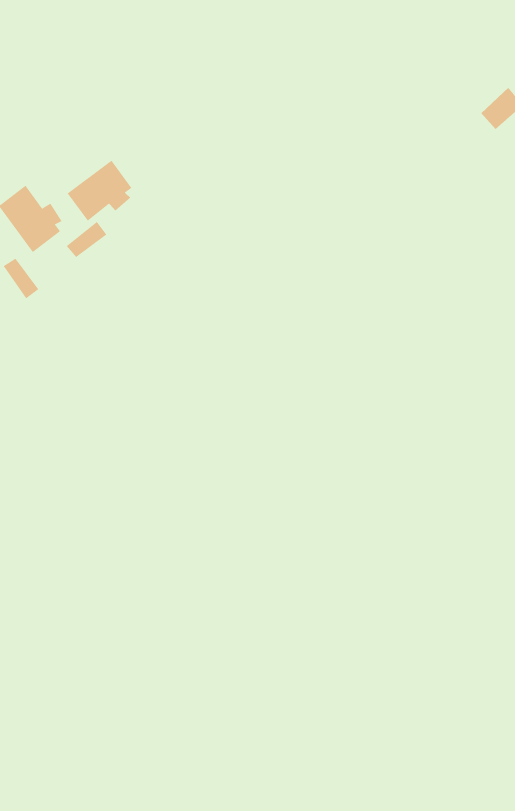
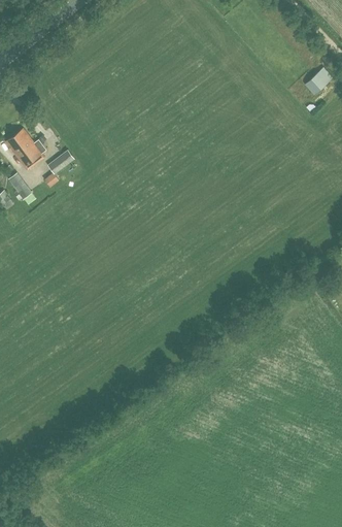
building: [67,160,132,221] -> none

